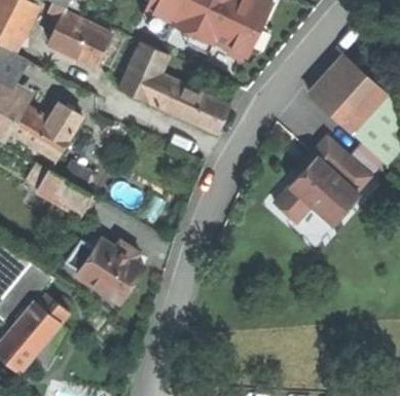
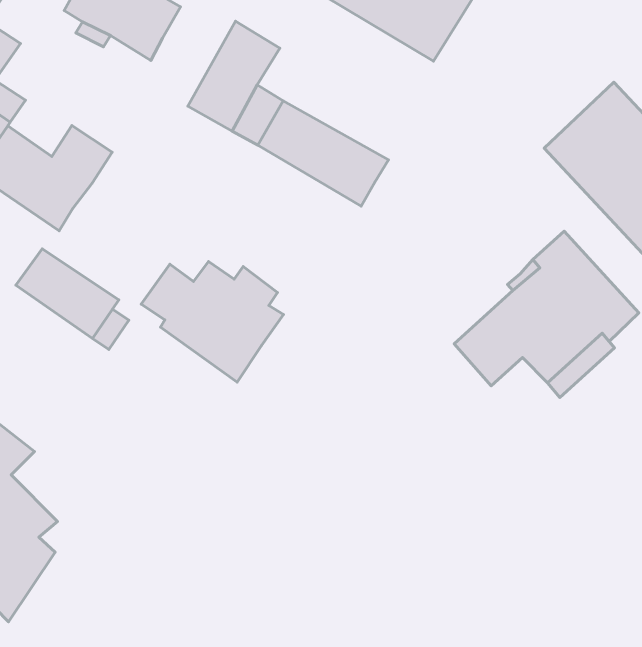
building: [64,241,140,303] -> [141,262,284,382]

